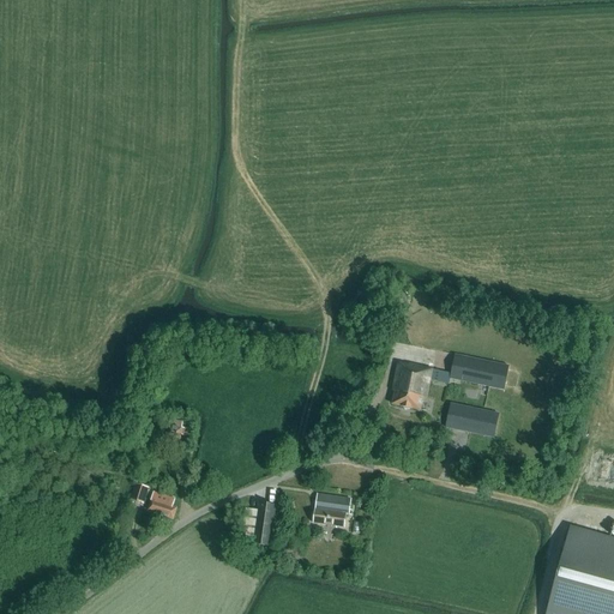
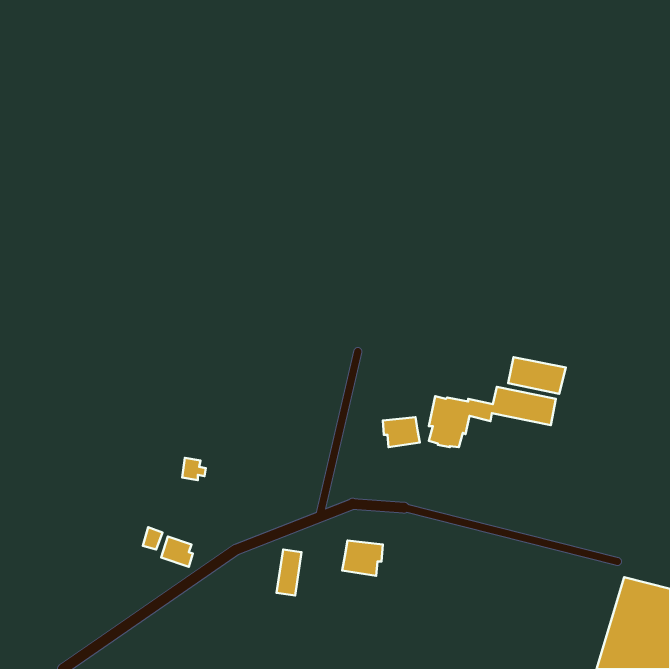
building: none -> [383,417,420,447]
building: [446,403,499,437] -> [508,357,566,394]

